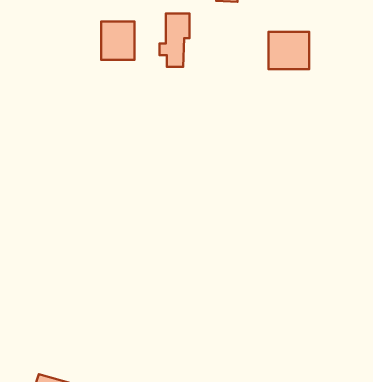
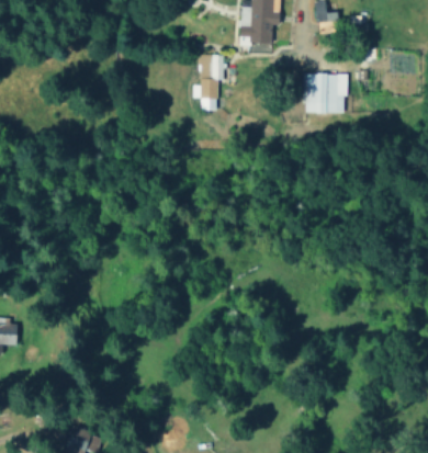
building: [101,21,135,60] -> none

